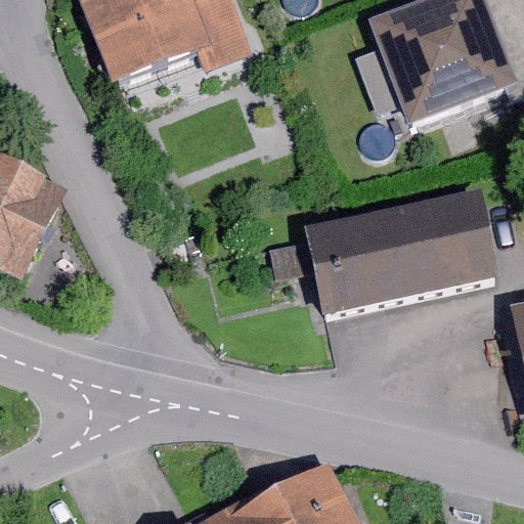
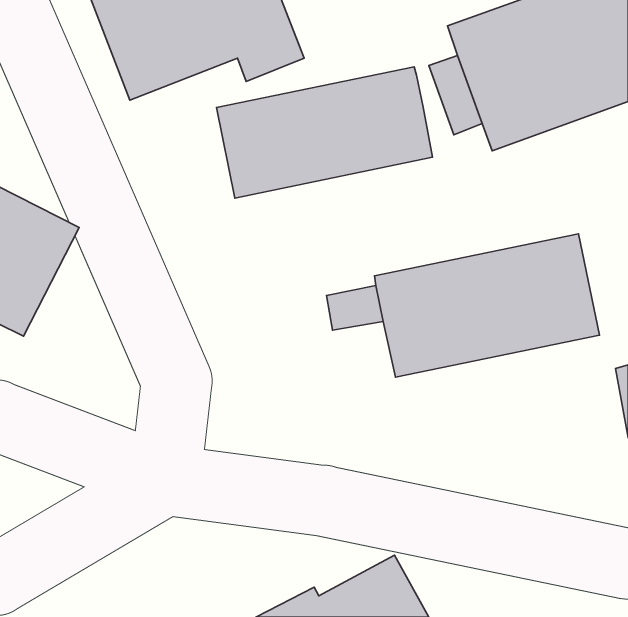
building: none -> [216,67,433,198]

